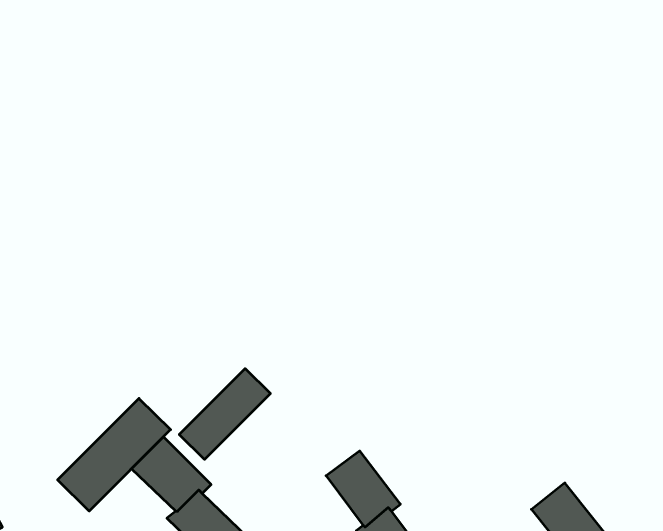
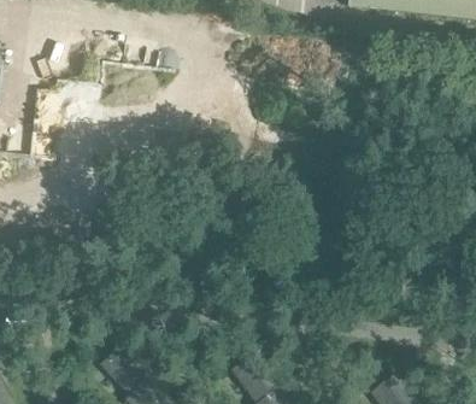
building: [179,369,270,459] -> none
building: [58,398,171,511] -> none

